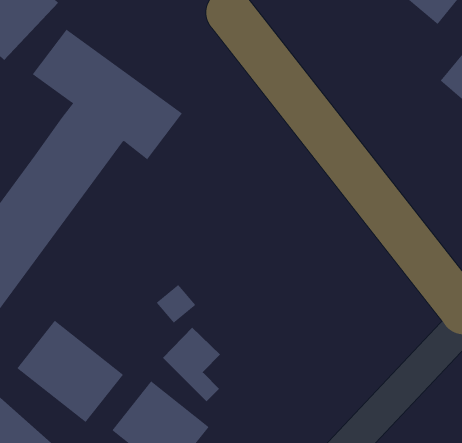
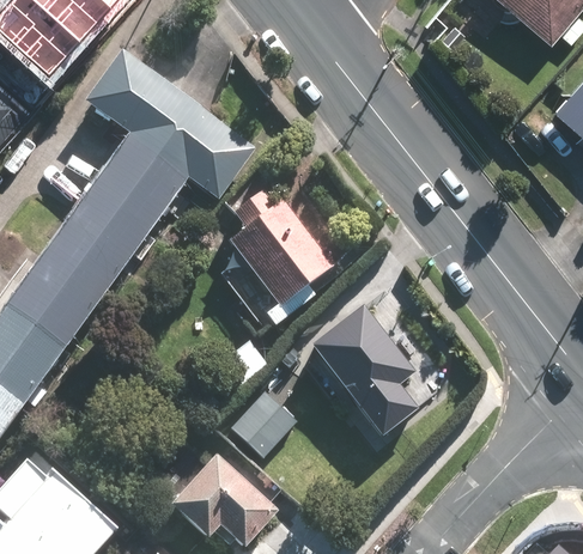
building: none -> [235,197,338,334]
building: none -> [312,306,424,440]
building: [17,320,124,423] -> none

